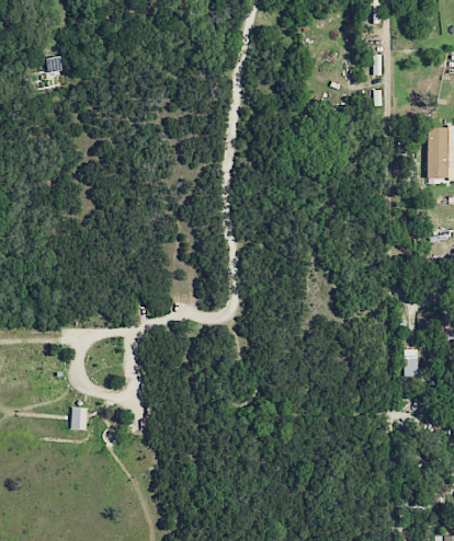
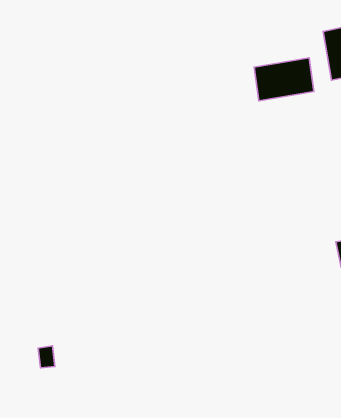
building: none -> [254,58,314,101]

